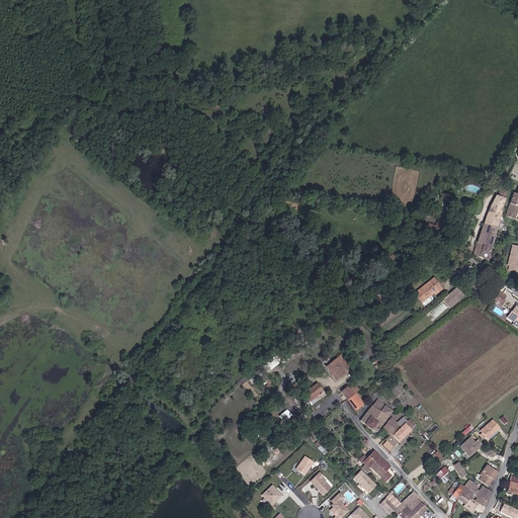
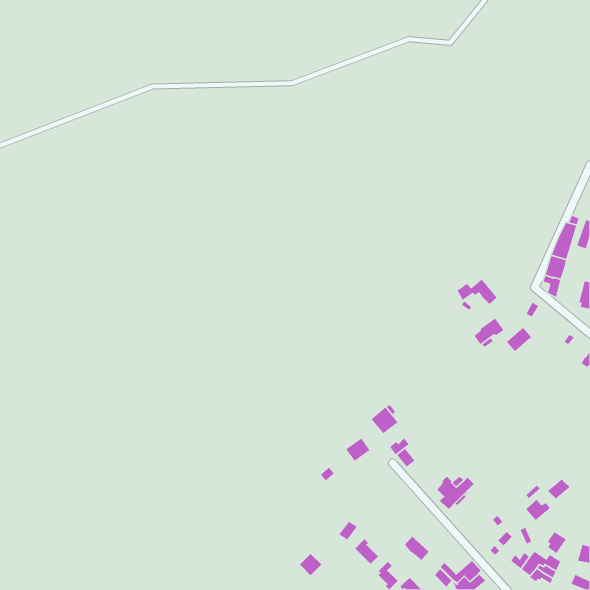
building: none -> [456,279,498,305]
building: [360,400,393,432] -> none
building: [362,450,391,482] -> none

